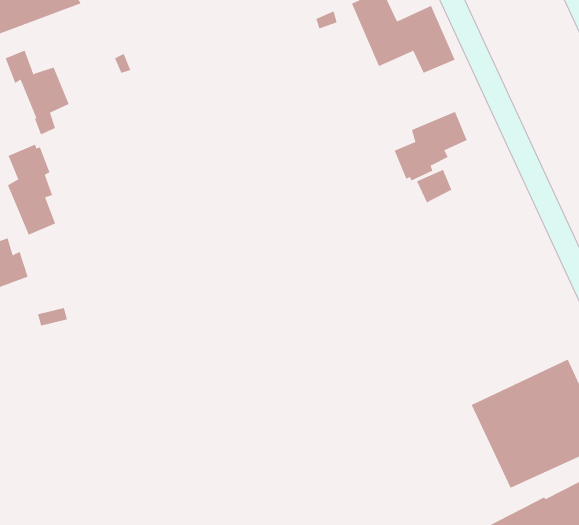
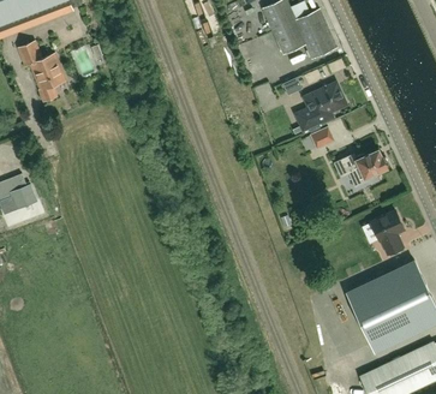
building: [7,144,56,236] -> none
building: none -> [340,149,388,187]
building: none -> [370,211,404,255]

